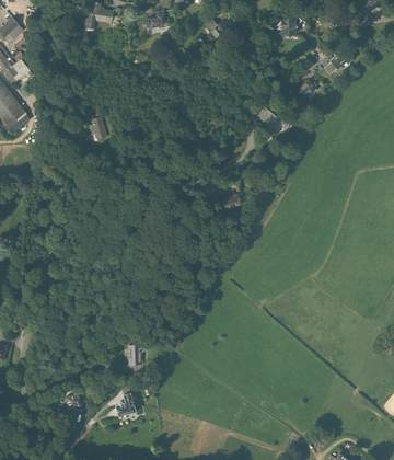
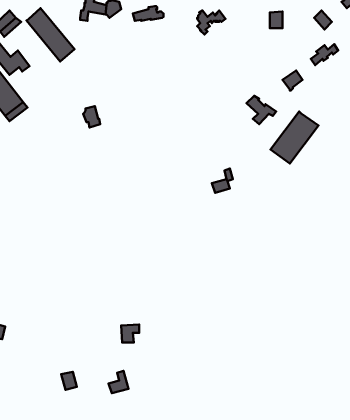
building: none -> [26,8,74,61]
building: none -> [270,111,318,164]

